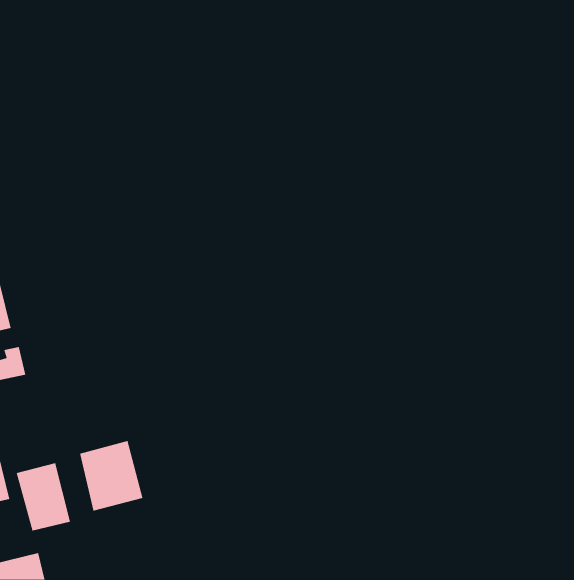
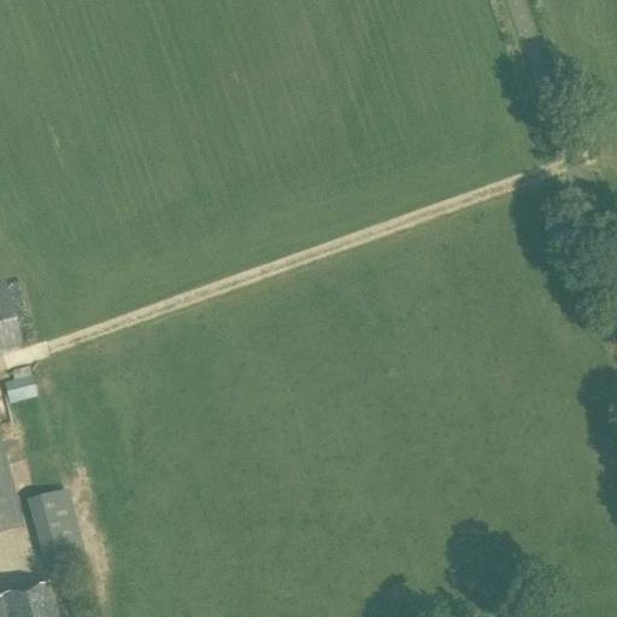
building: [79,440,143,512] -> none

